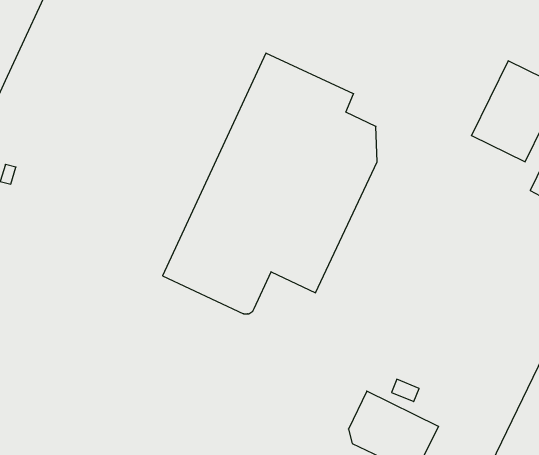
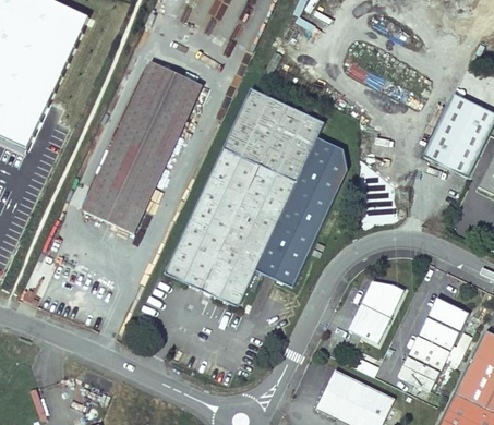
building: none -> [82,62,202,234]
building: none -> [348,282,403,344]
building: none -> [397,297,469,393]

